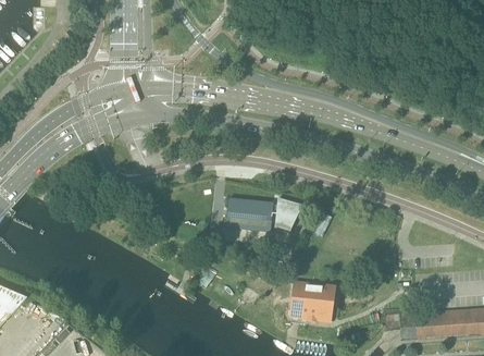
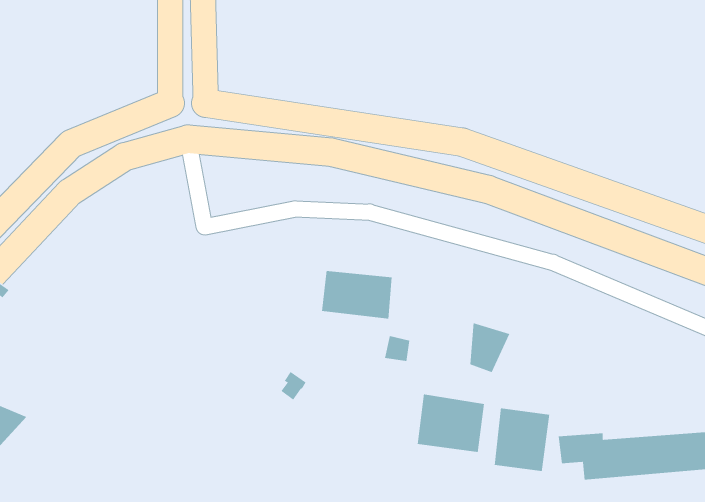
building: [274,198,301,232] -> [470,322,510,373]
building: none -> [494,408,550,472]

